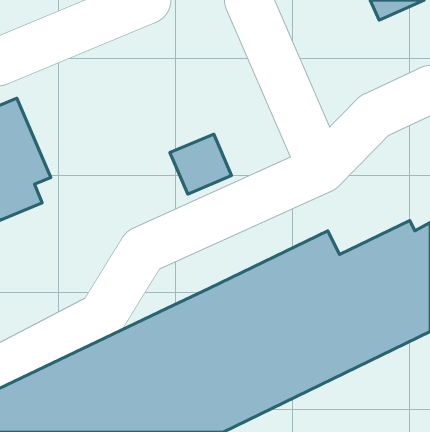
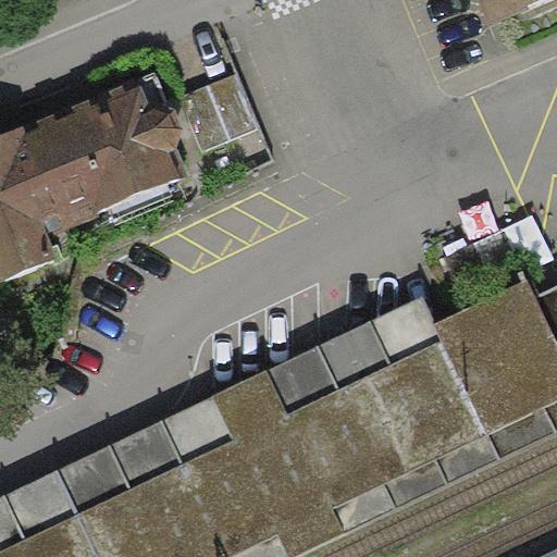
building: none -> [22,78,181,228]
building: [170,134,232,194] -> [180,74,259,151]

